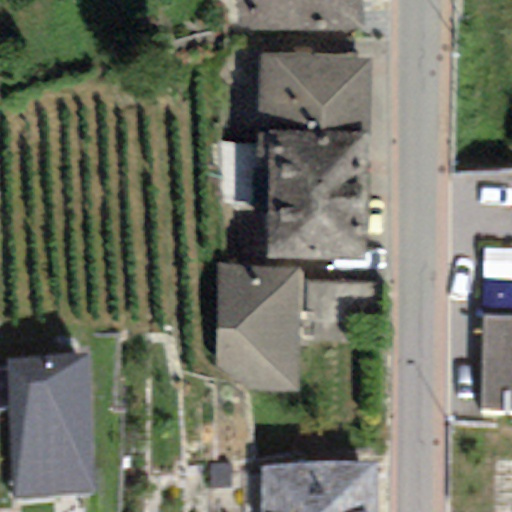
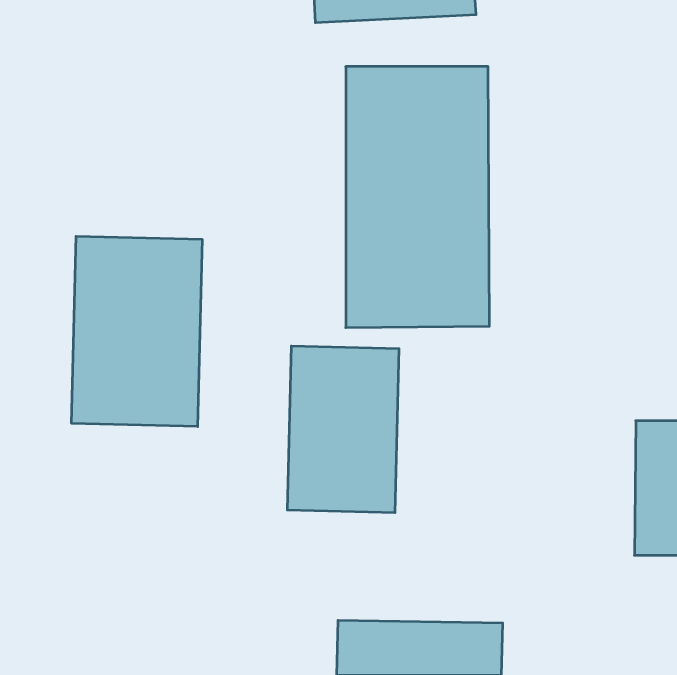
building: none -> [72,236,202,427]
building: [12,366,96,499] -> none

